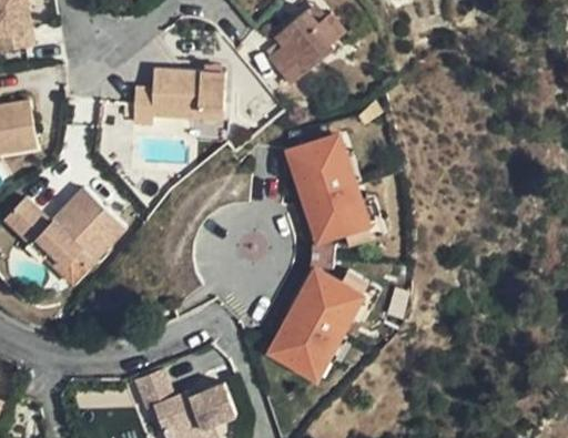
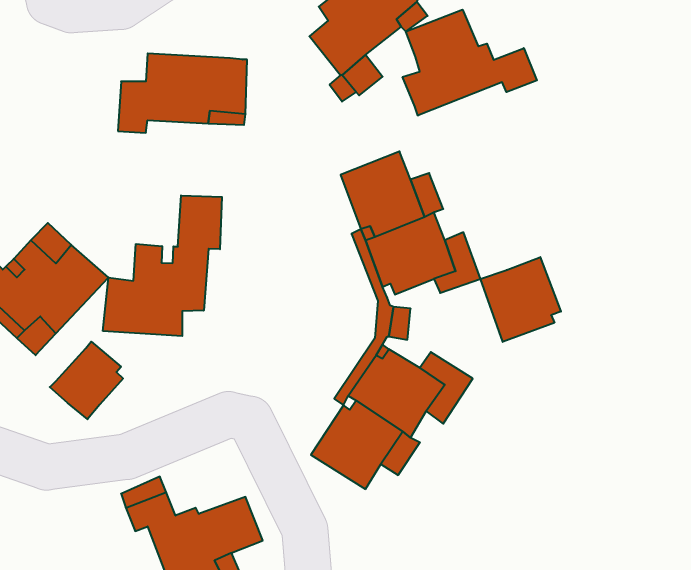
building: none -> [403,10,537,116]
building: none -> [103,195,222,336]
building: none -> [481,257,561,342]
building: none -> [50,342,123,419]

